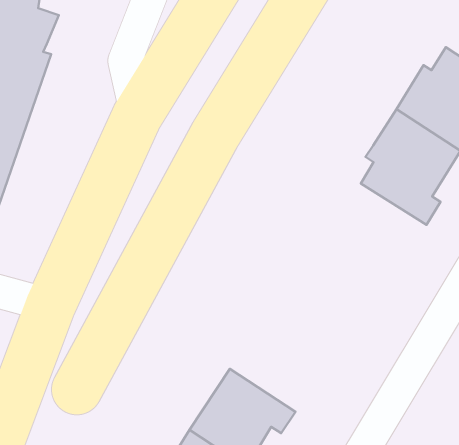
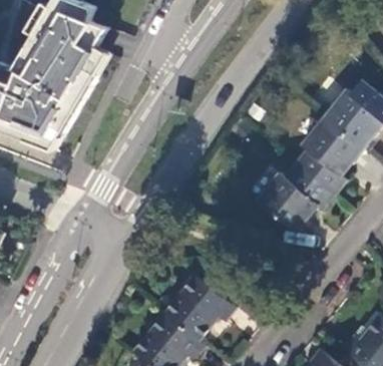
building: none -> [256,161,335,233]

